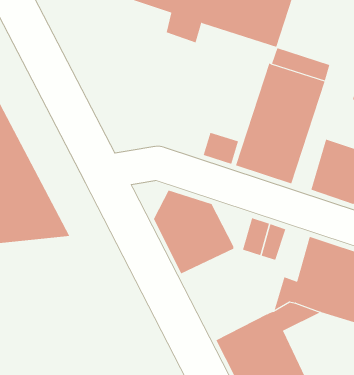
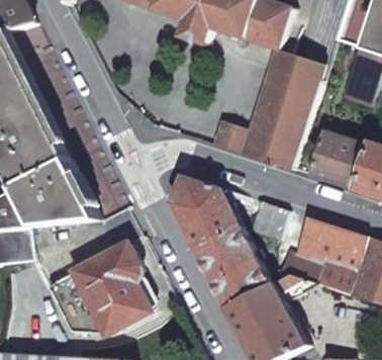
building: none -> [194,228,270,307]
building: none -> [43,243,149,334]

